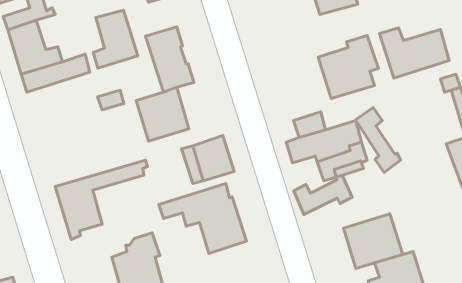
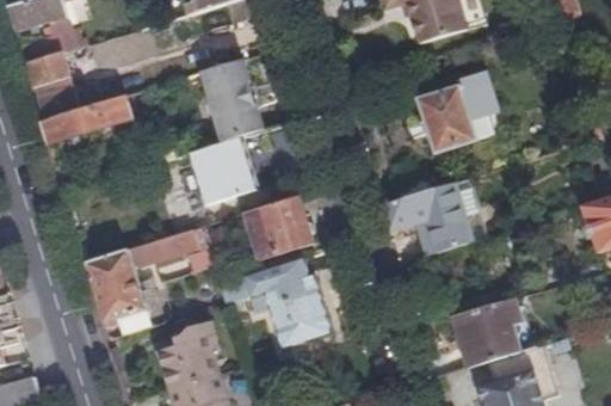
building: [93,10,138,68] -> none
building: [380,28,449,78] -> none
building: [355,107,400,172] -> none
building: [294,175,352,215] -> none

